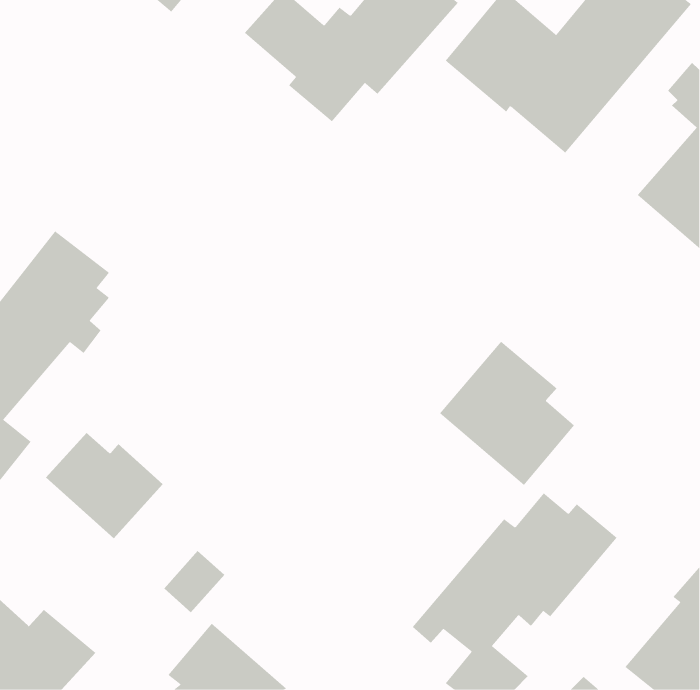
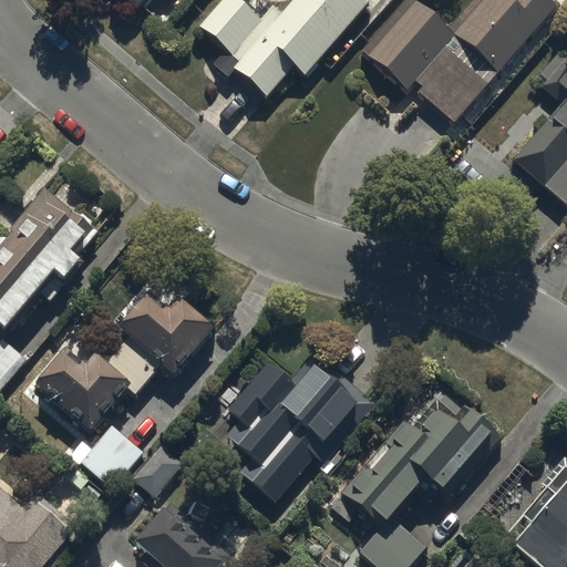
building: [439,341,575,486] -> none
building: none -> [106,299,216,391]
building: none -> [226,353,375,504]
building: none -> [81,424,143,486]

